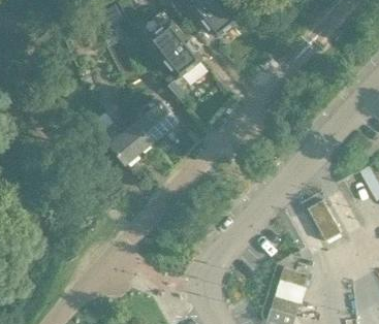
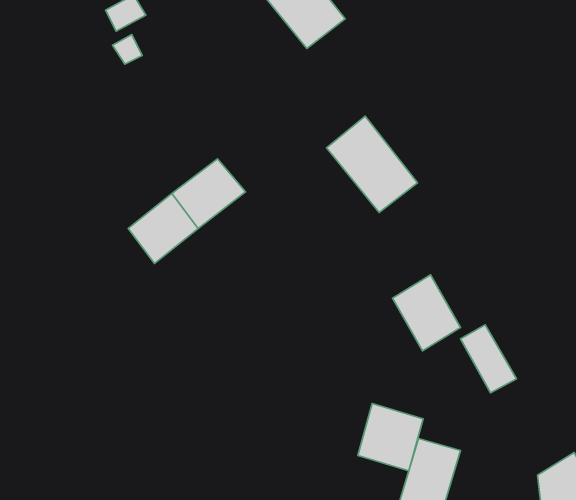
building: [143,15,196,72] -> [327,116,418,212]
building: none -> [392,275,461,351]
building: none -> [358,404,423,471]

